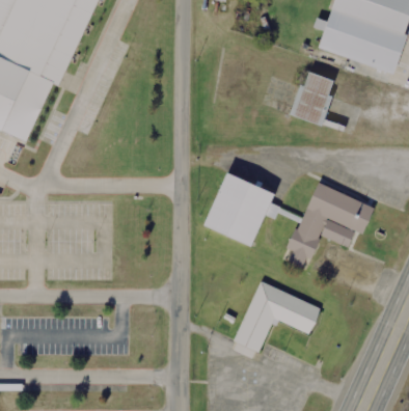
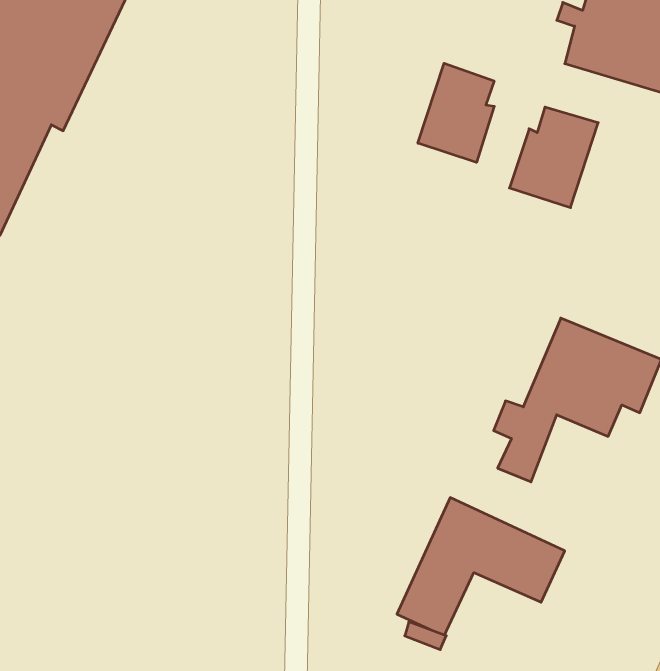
building: none -> [418,63,494,162]
building: [197,172,270,247] -> none

